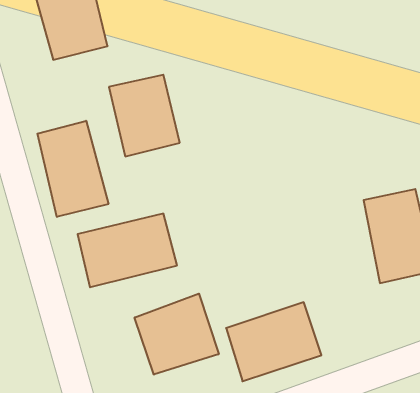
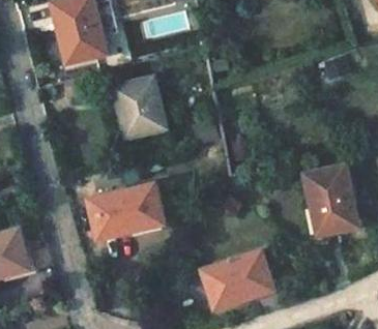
building: [37,121,108,217] -> none
building: [135,294,219,375] -> none

